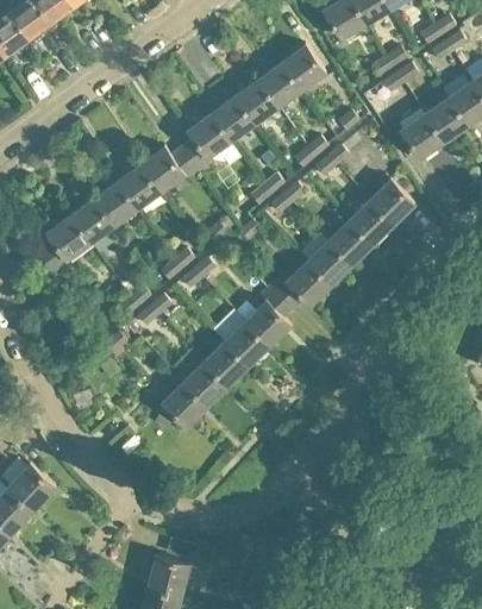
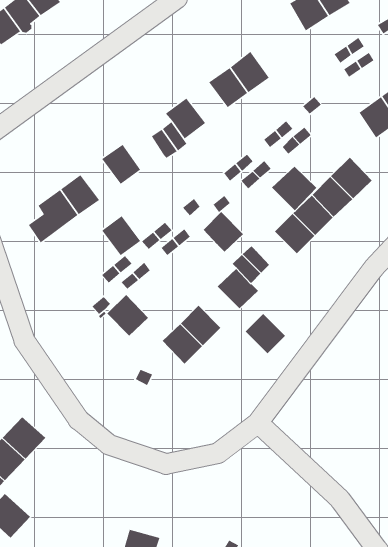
building: [281,44,326,90] -> none
building: [211,95,256,140] -> none
building: [140,146,184,192] -> none
building: [94,180,138,225] -> [101,215,141,256]
building: none -> [271,166,317,211]
building: [287,259,332,304] -> [203,211,244,252]
building: [224,320,269,365] -> [245,313,286,354]
building: [162,379,208,426] -> [107,294,149,336]
building: [148,554,190,596] -> none

